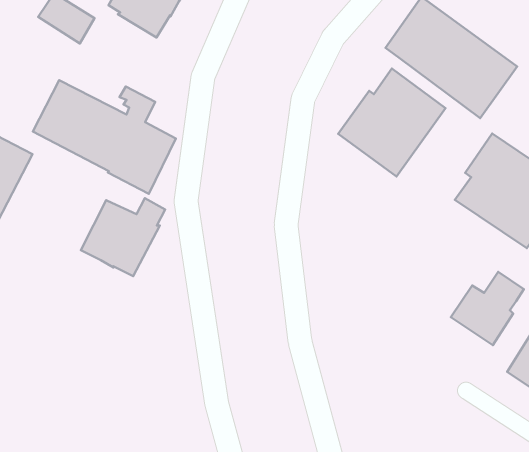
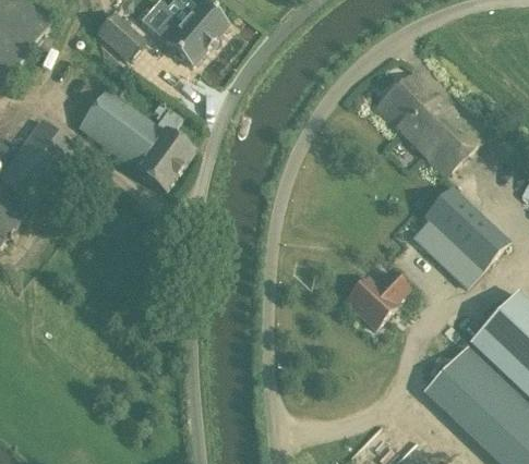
building: [338,69,445,177] -> none
building: [81,198,165,276] -> none
building: [451,272,524,345] -> [345,270,408,329]

